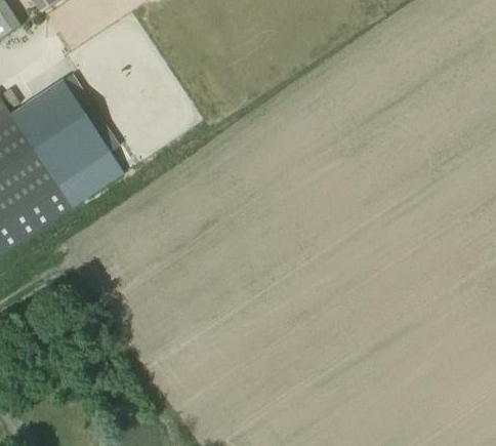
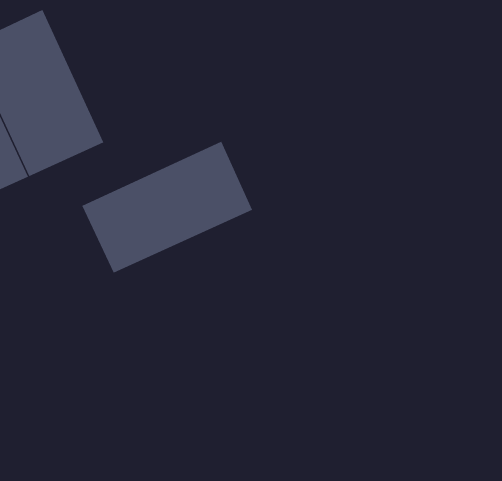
building: none -> [82,141,253,274]

